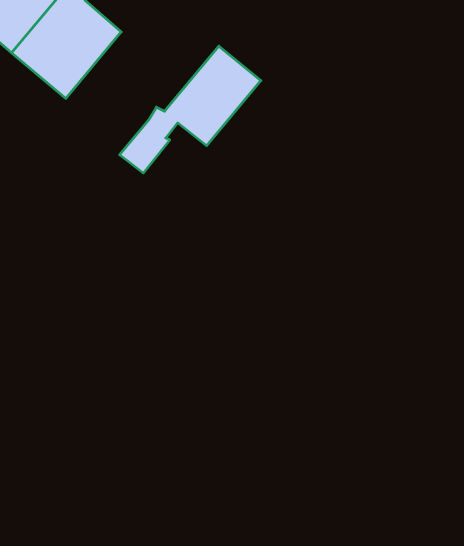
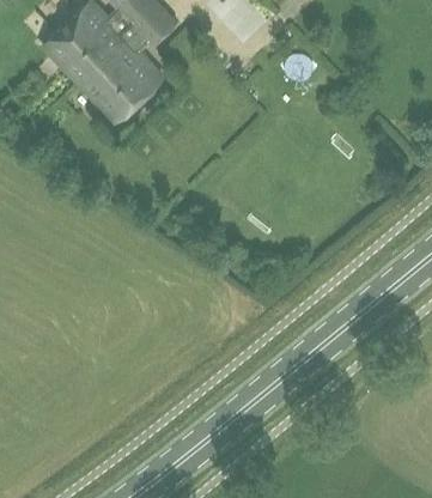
building: [120,46,261,173] -> none

